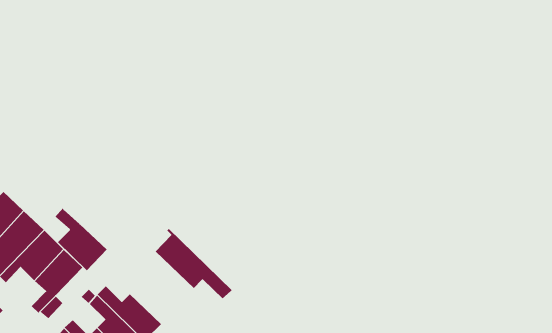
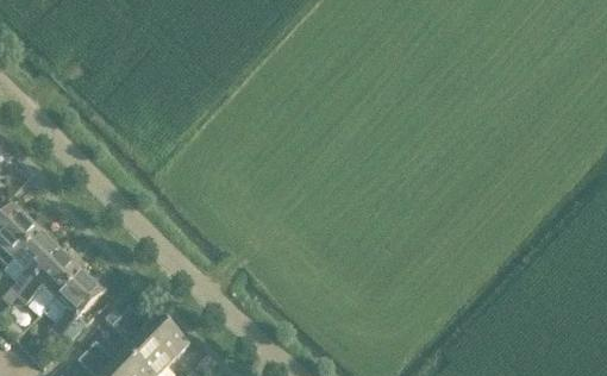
building: [55,207,107,271] -> none
building: [155,228,233,299] -> none

